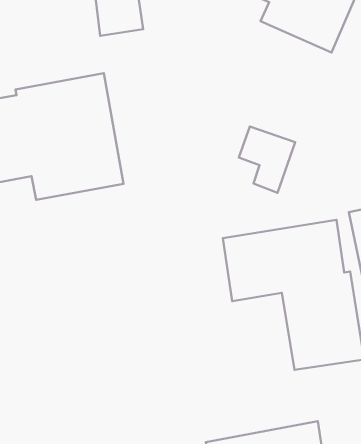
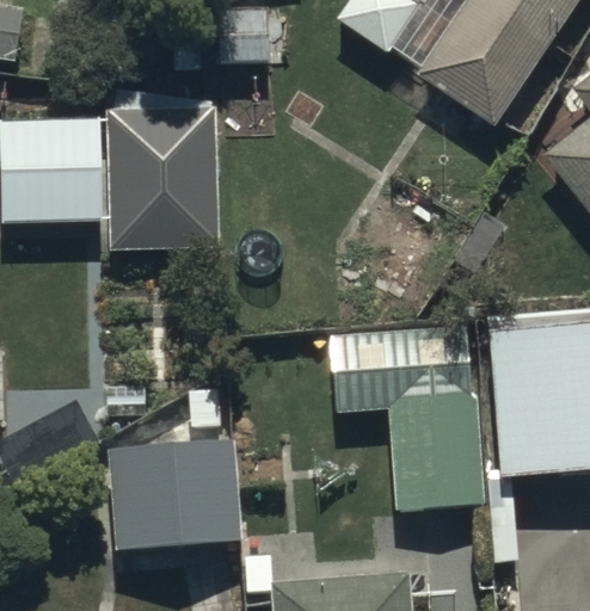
building: none -> [109,399,239,547]

